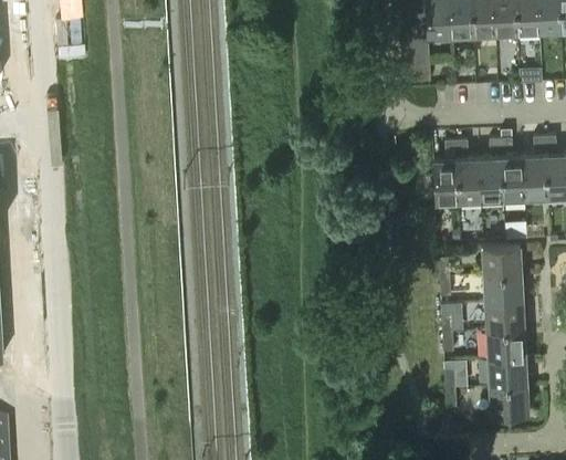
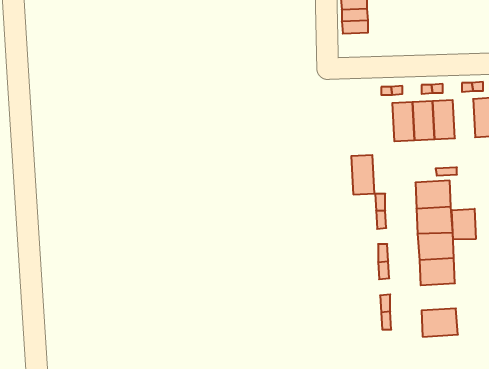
building: [524,157,548,200] -> none
building: [434,161,460,205] -> [351,155,374,194]
building: none -> [452,209,476,240]
building: [489,359,527,389] -> none

